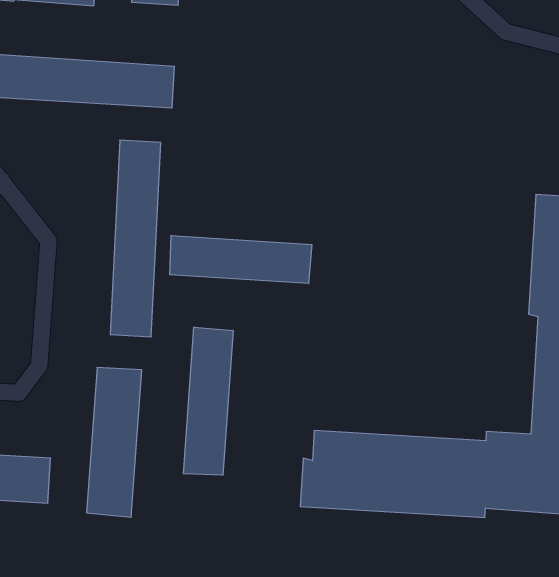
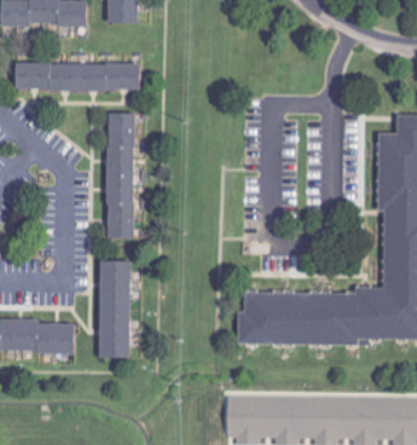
building: [170,235,312,284] -> none
building: [183,327,233,475] -> none

